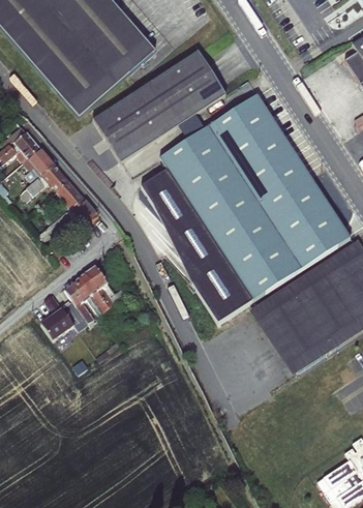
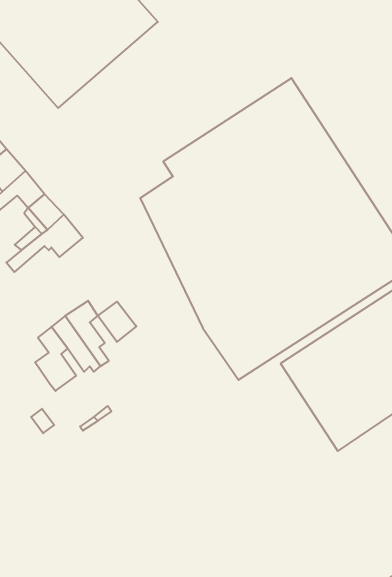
building: [93,50,226,160] -> none
building: none -> [98,302,136,342]
building: [41,293,74,339] -> none

